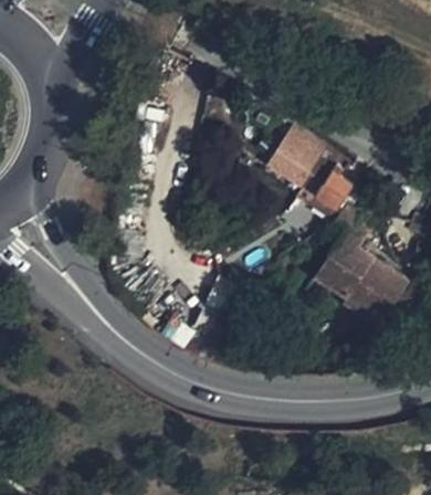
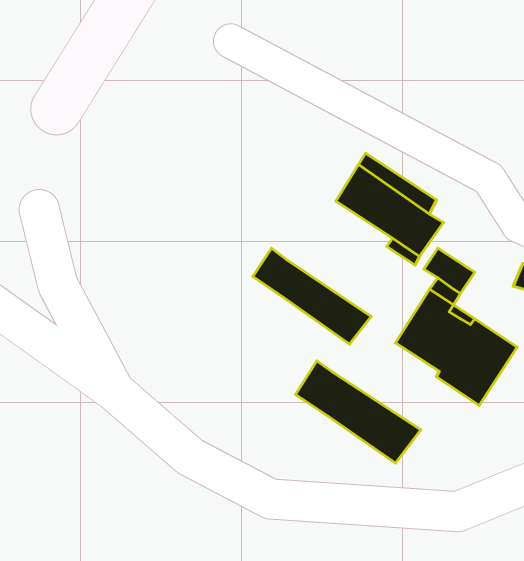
building: none -> [253,248,371,344]
building: none -> [295,361,421,463]

